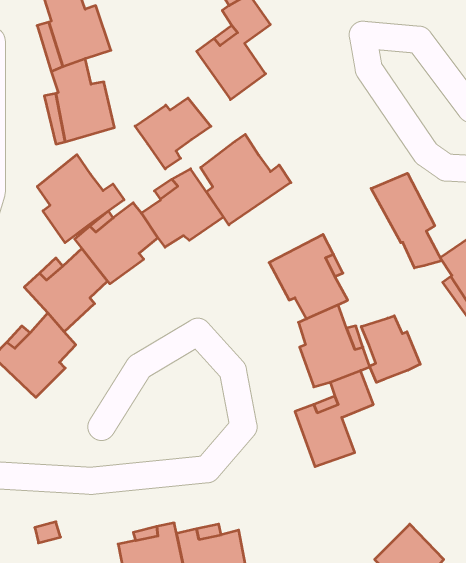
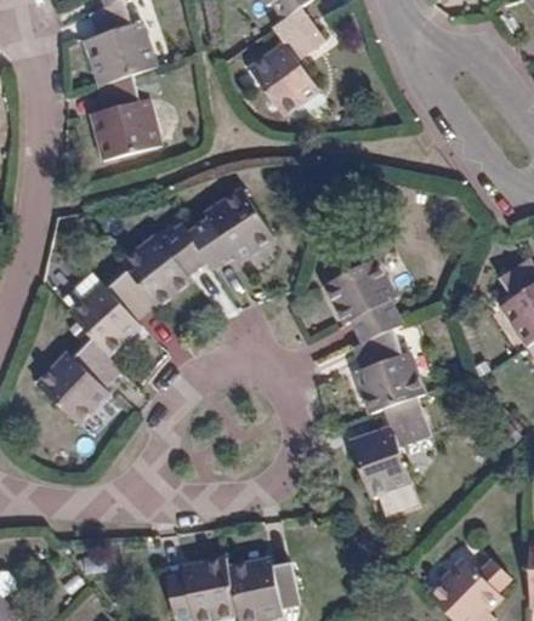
building: [135,98,211,169] -> none
building: [201,134,291,225] -> none
building: [37,155,124,243] -> none
building: [371,173,442,268] -> none
building: [361,316,420,382] -> none

